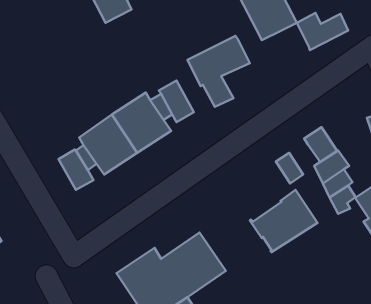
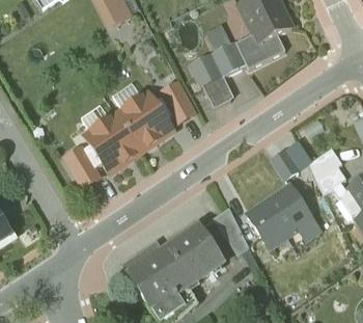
building: [297,13,348,50] -> [235,32,284,68]
building: [304,127,337,162] -> none
building: none -> [213,206,250,254]

